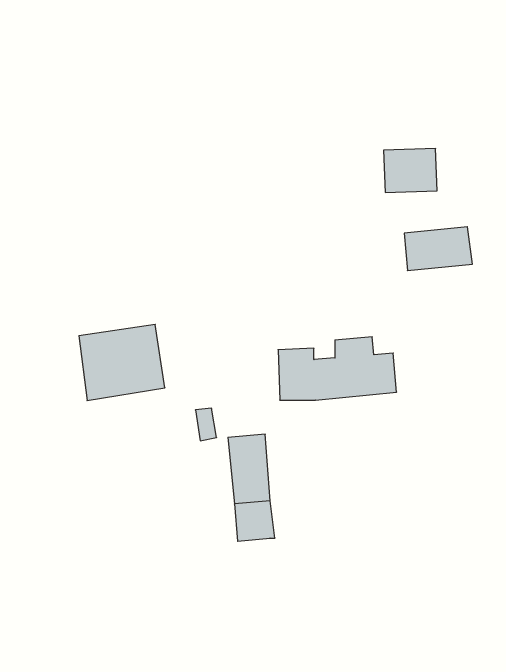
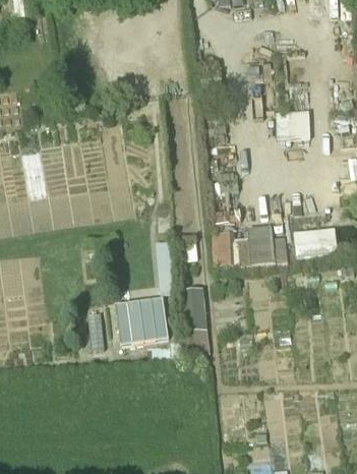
building: [404,227,472,271] -> [294,228,337,255]
building: [79,324,165,401] -> [114,296,168,344]

